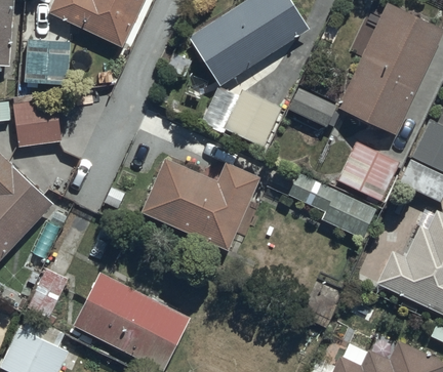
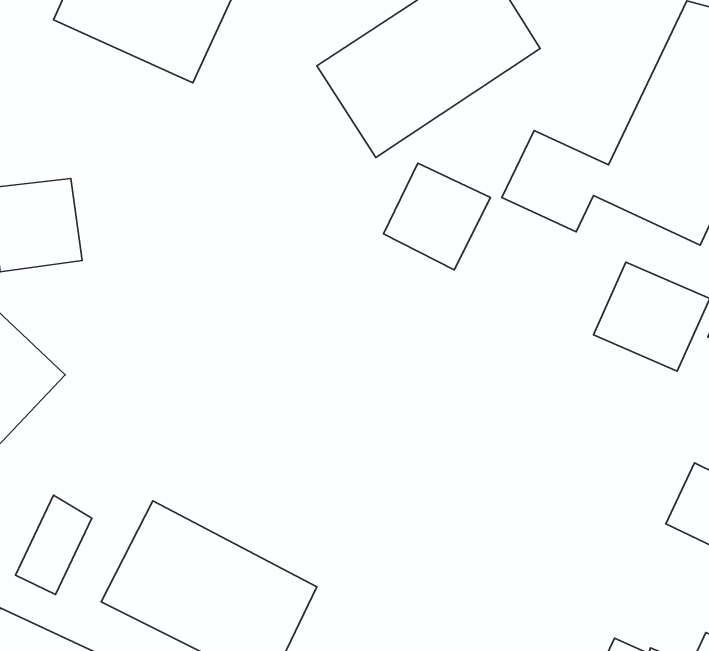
building: [24,41,69,88] -> none
building: [139,158,259,252] -> none
building: [288,174,375,239] -> none

